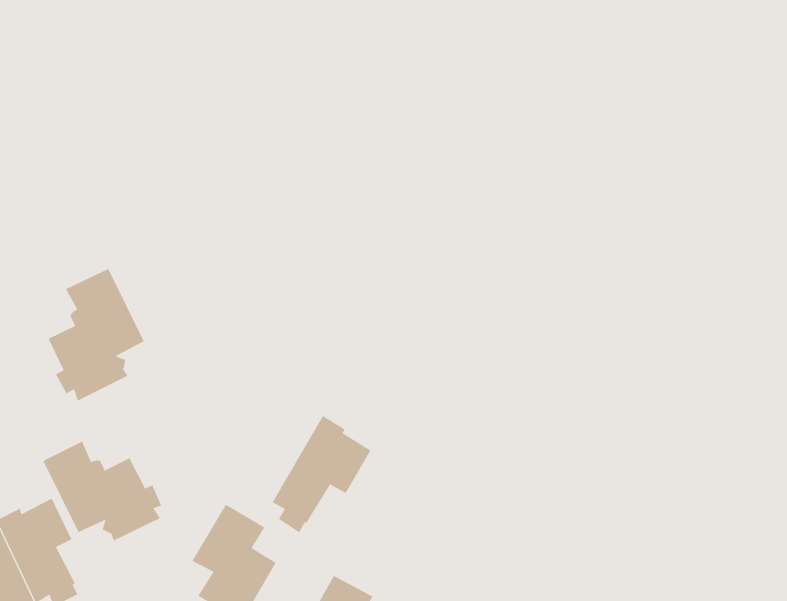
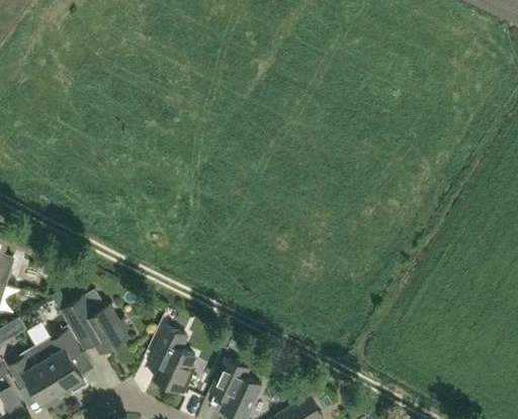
building: [48,268,145,401] -> none
building: [272,415,371,533] -> none

